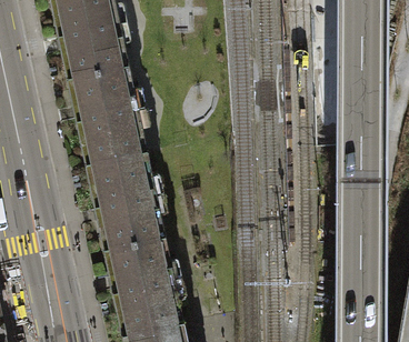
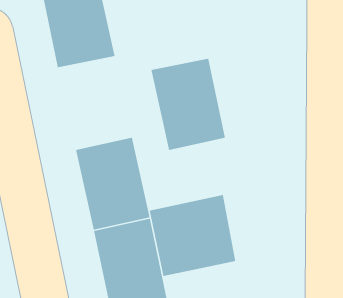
building: [68,66,147,163] -> [151,58,226,151]
building: none -> [149,194,236,277]

